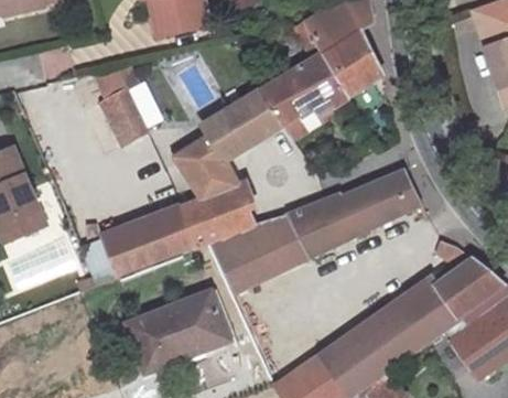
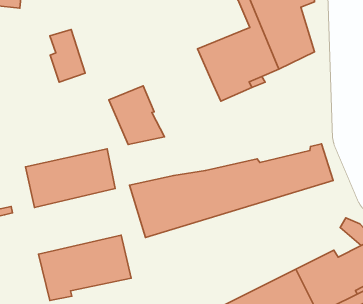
building: [204,88,282,160] -> none
building: [182,184,255,245] -> none

